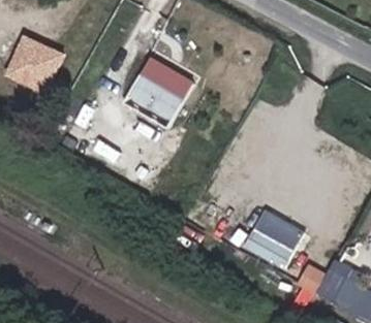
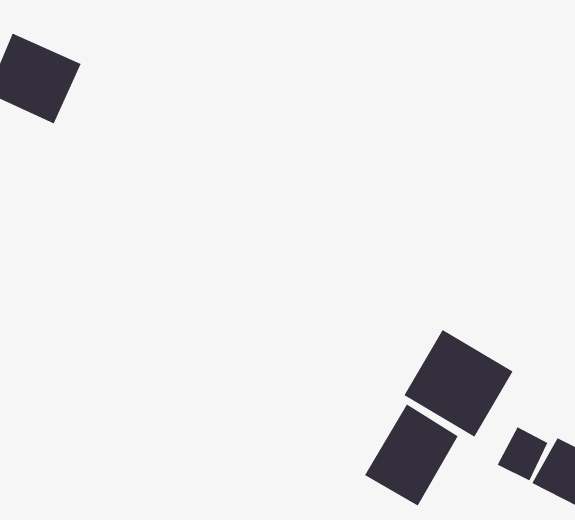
building: [129,56,194,120] -> none
building: none -> [364,404,459,507]

